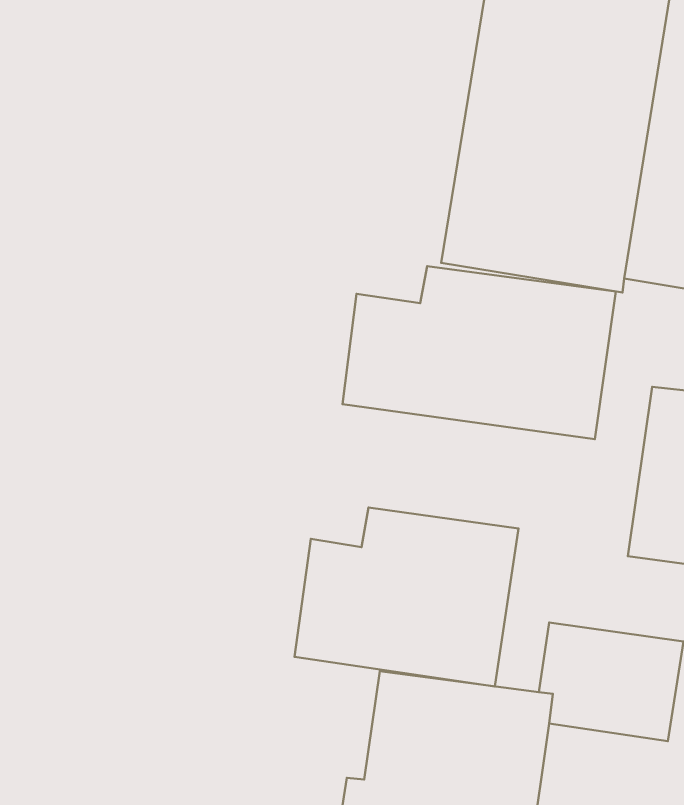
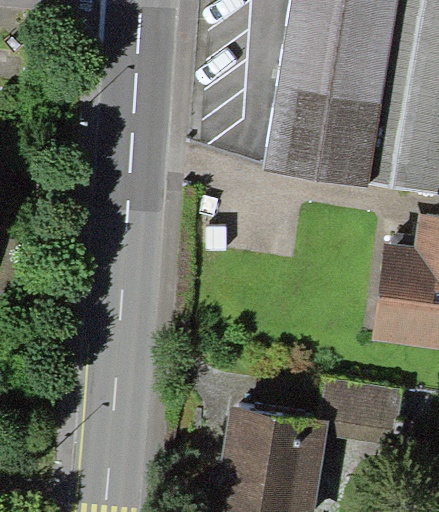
building: [342,266,616,439] -> none
building: [294,507,518,686] -> none

